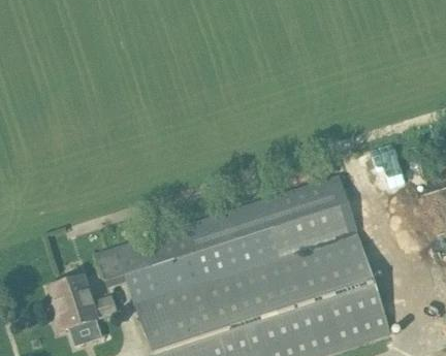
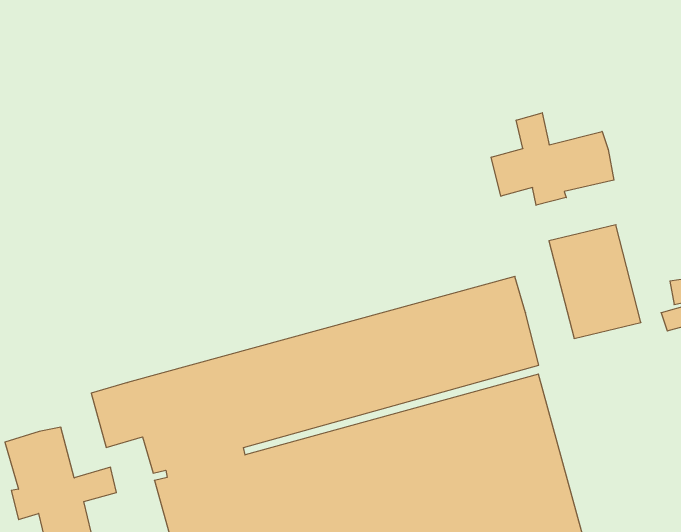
building: none -> [491,113,614,205]

